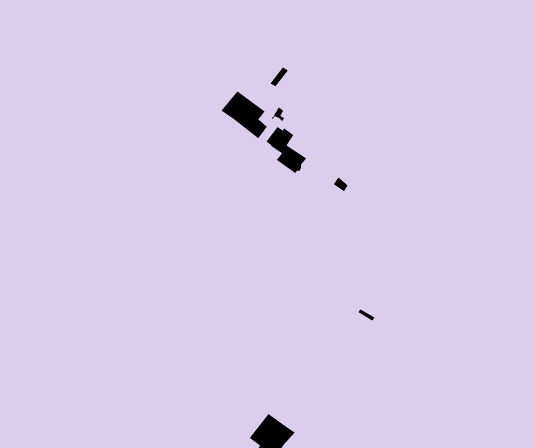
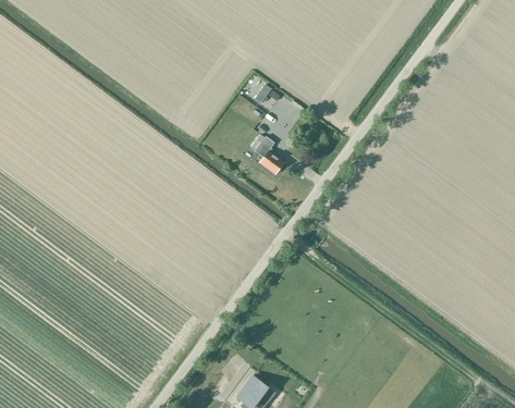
building: [221,91,268,139] -> none

